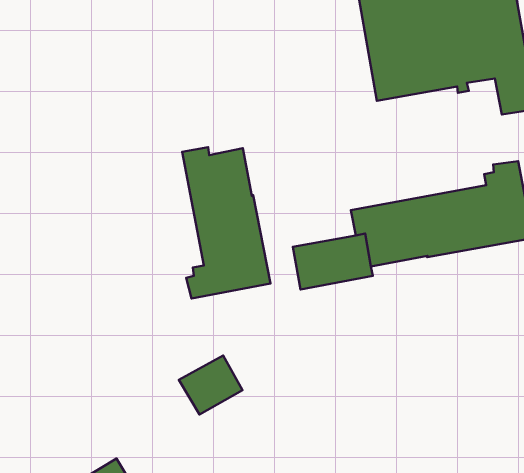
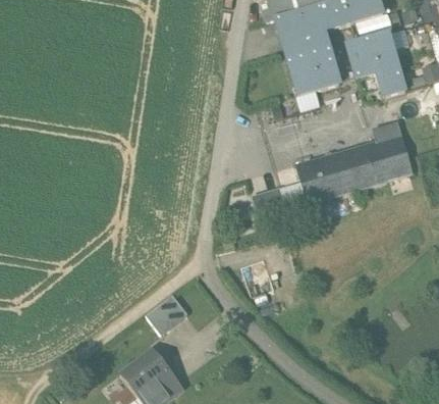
building: [182,147,270,298] -> none
building: [179,356,242,415] -> [147,293,189,334]

